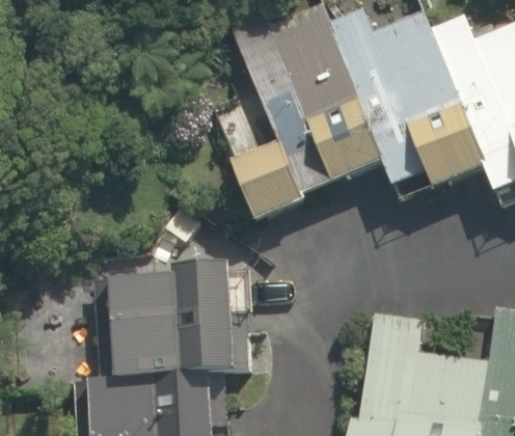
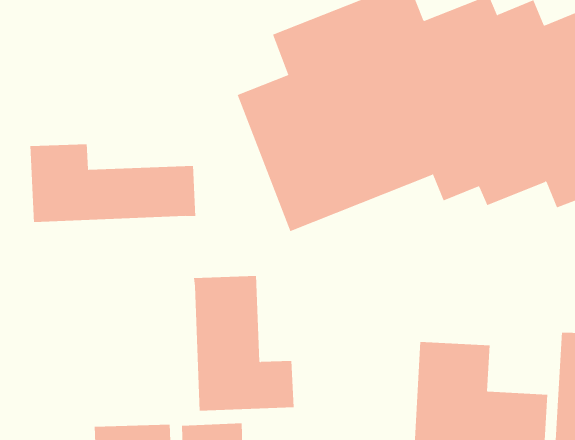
building: none -> [30,143,196,223]
building: [92,265,175,378] -> none

